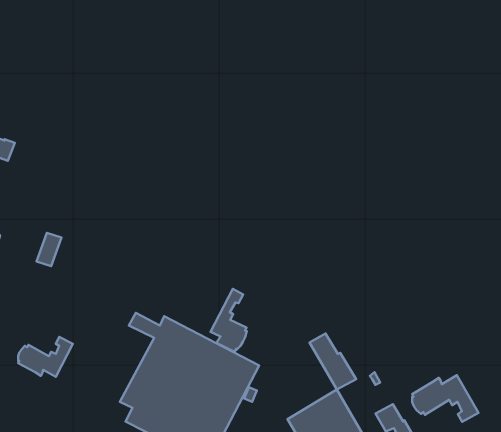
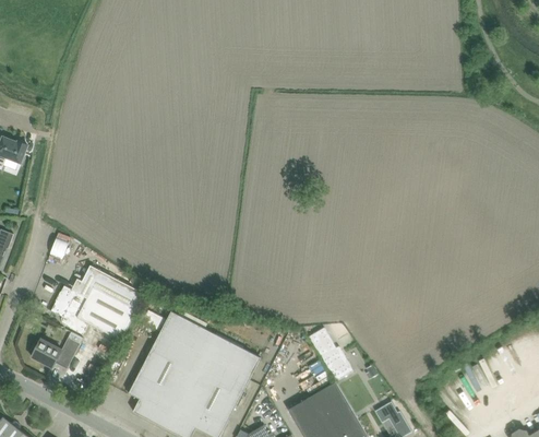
building: none -> [50,265,145,341]
building: [211,289,247,352] -> none
building: [412,375,478,422] -> none

